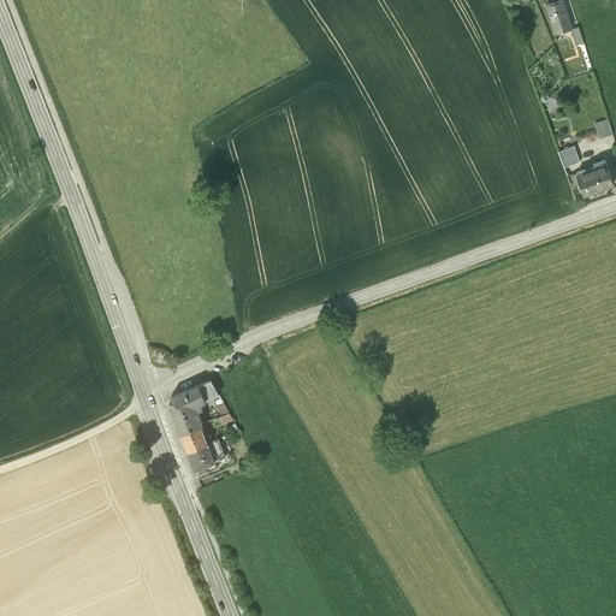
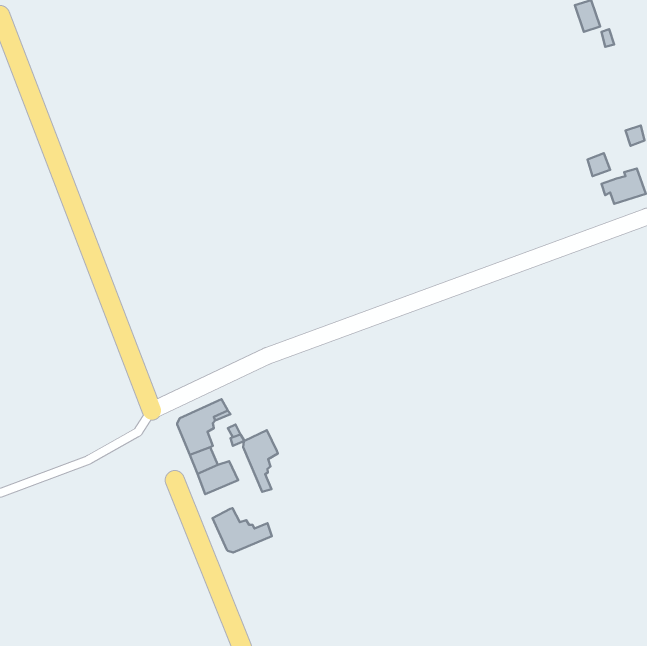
building: none -> [243,430,278,492]
building: none -> [213,508,272,553]

